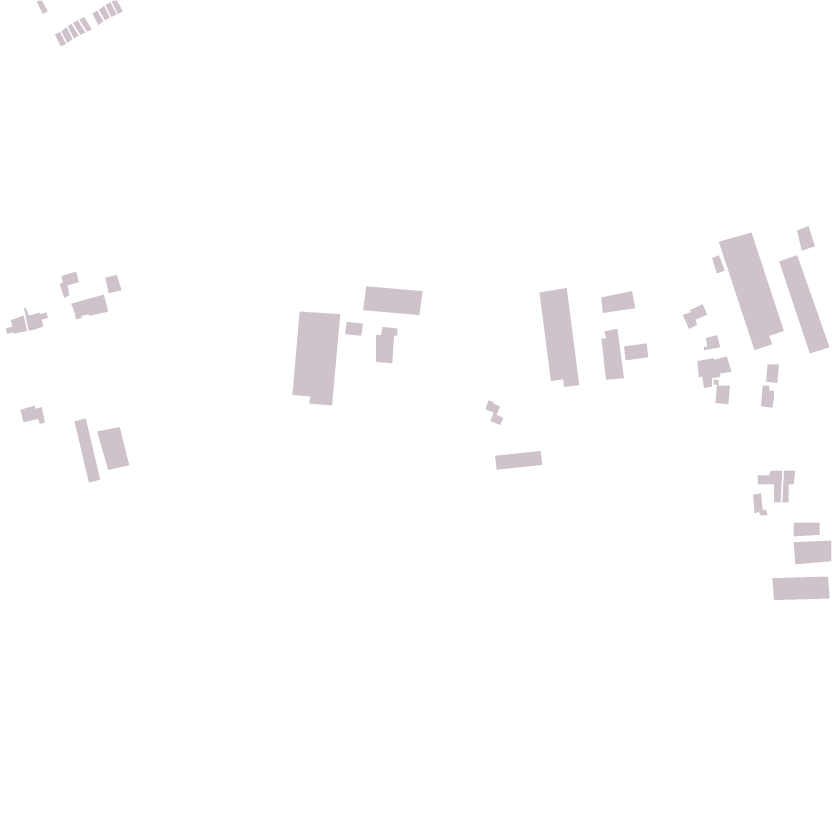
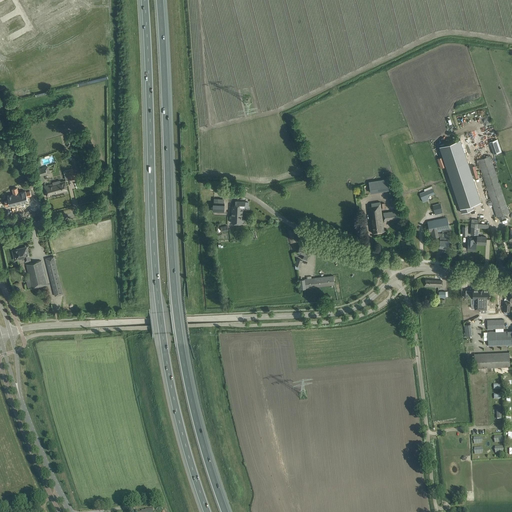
building: [363,285,423,316] -> none
building: [539,287,580,388] -> none
building: [292,311,341,406] -> none
building: [96,426,130,470] -> [25,261,46,288]

